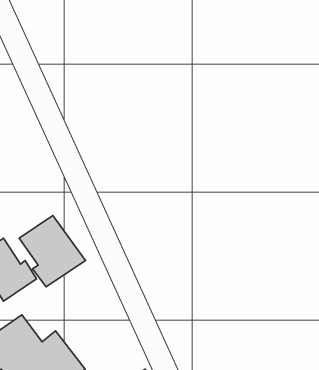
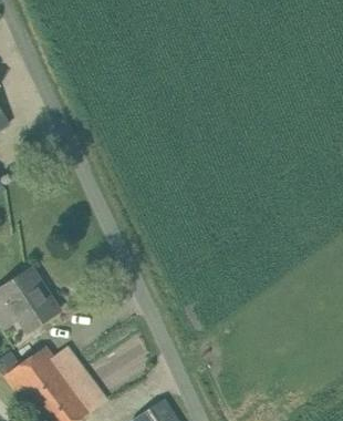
building: [19,215,85,287] -> none

